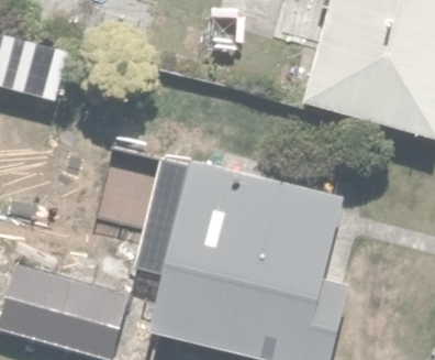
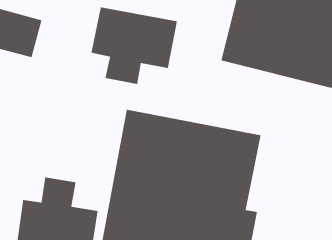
building: none -> [90,6,178,85]

